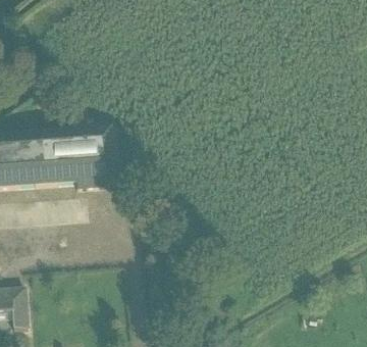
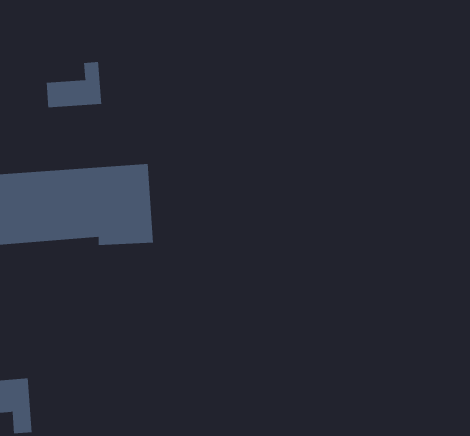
building: none -> [46,61,102,108]

